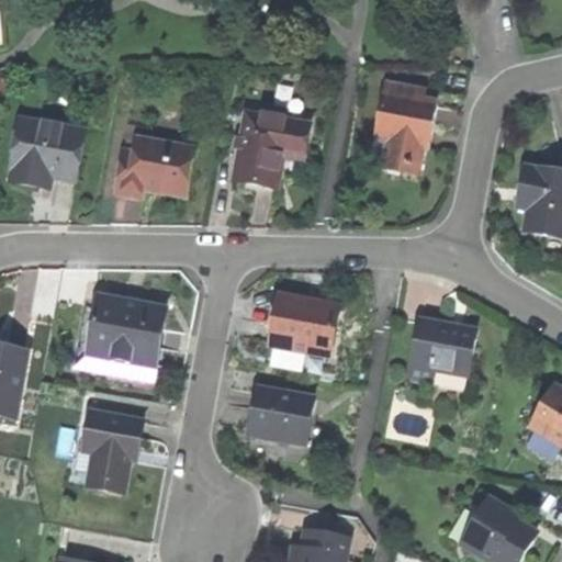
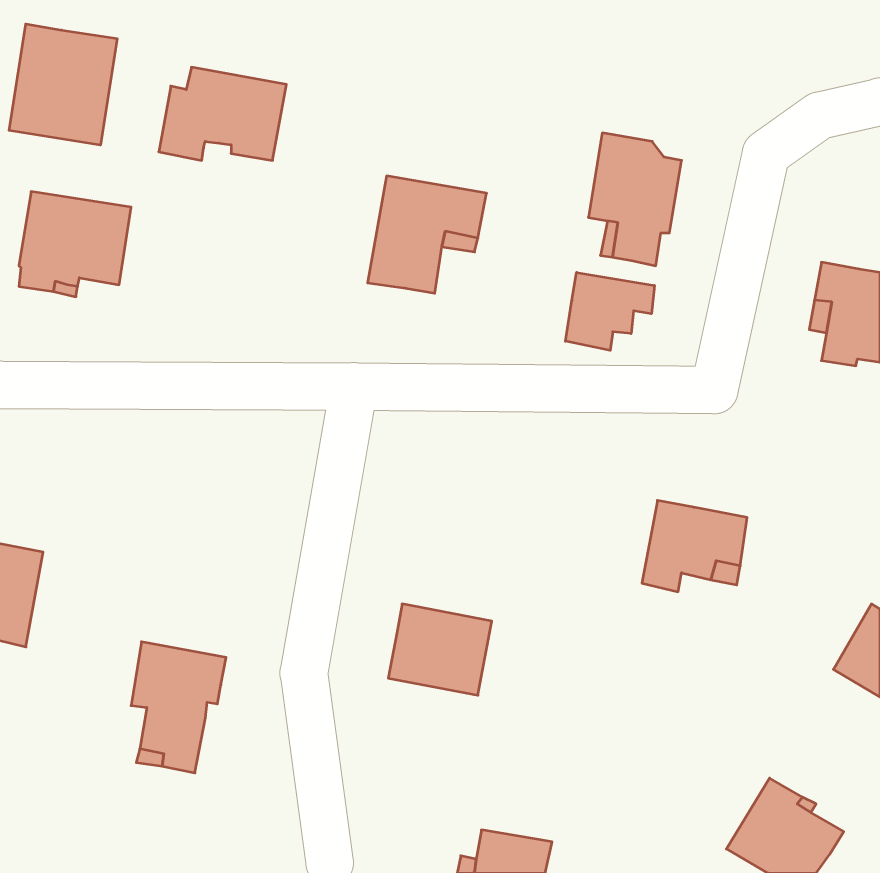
building: none -> [9,24,117,145]
building: [115,138,196,198] -> [159,67,286,160]
building: none -> [565,272,654,350]
building: [268,293,337,352] -> none
building: [88,295,166,367] -> none

